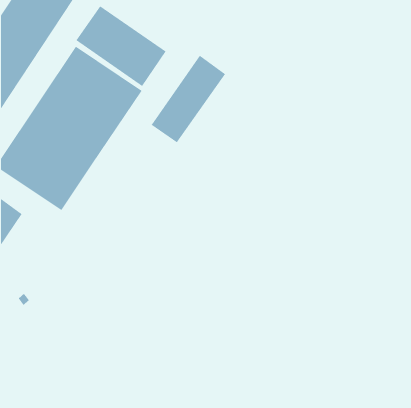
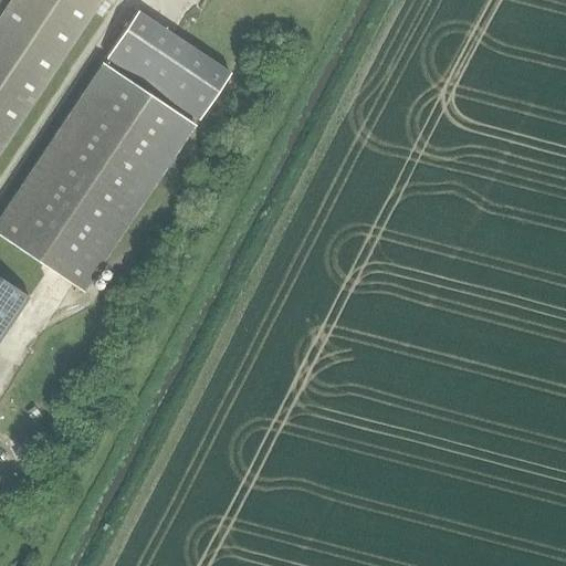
building: [151,55,226,143] -> none

